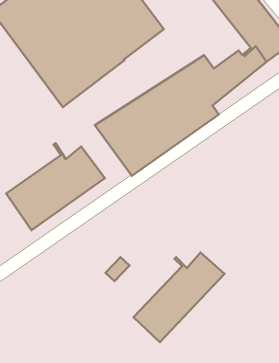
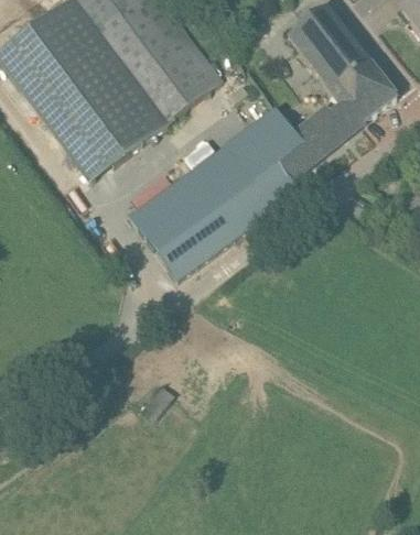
building: [6,143,105,230] -> none
building: [134,252,224,342] -> none

